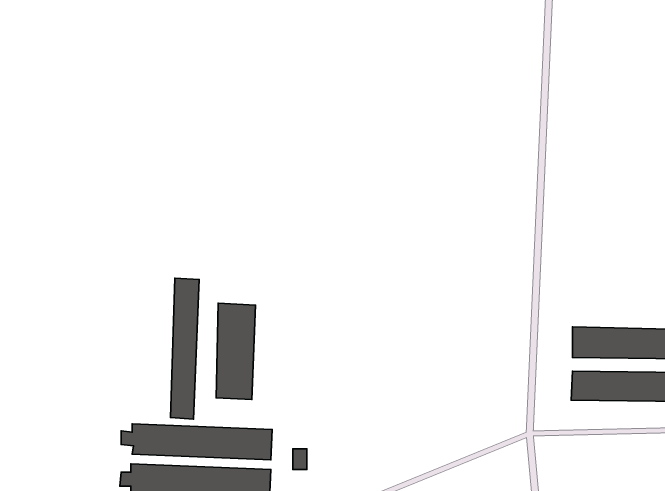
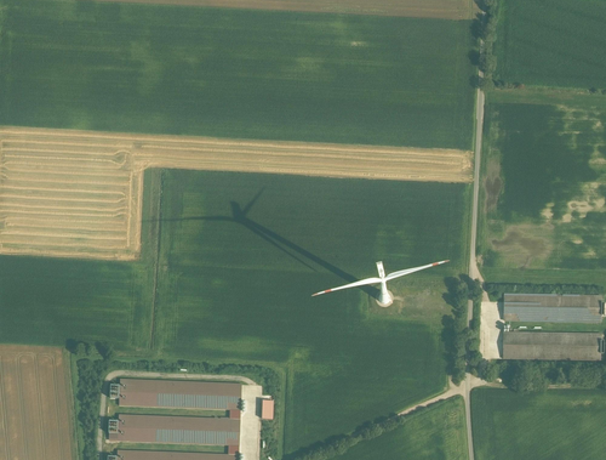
building: [170,278,199,419] -> none
building: [216,303,256,400] -> none

